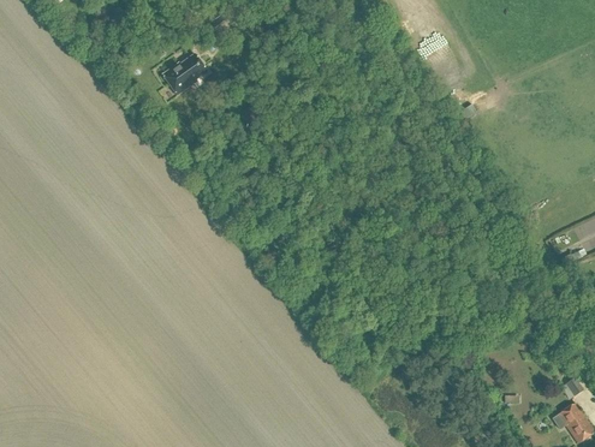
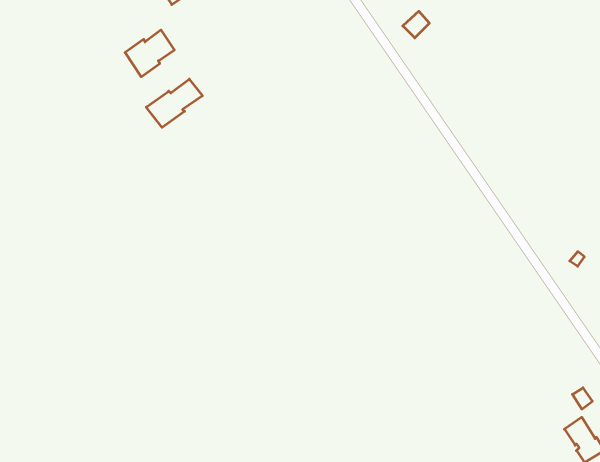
building: none -> [146,79,202,127]

